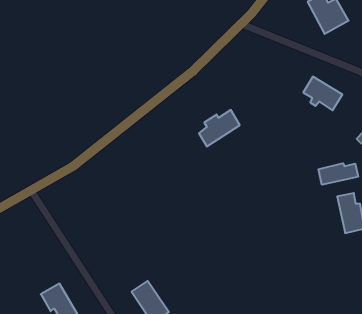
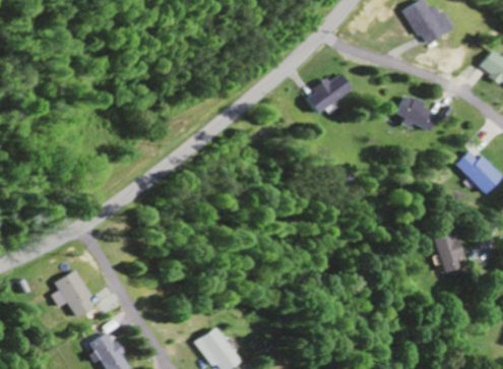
building: [199,110,240,146] -> [306,72,353,114]
building: [319,163,358,185] -> none
building: none -> [60,270,104,318]

